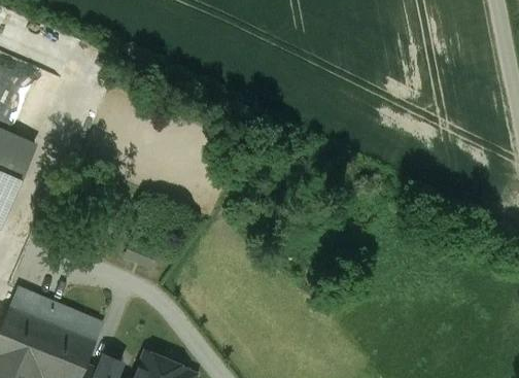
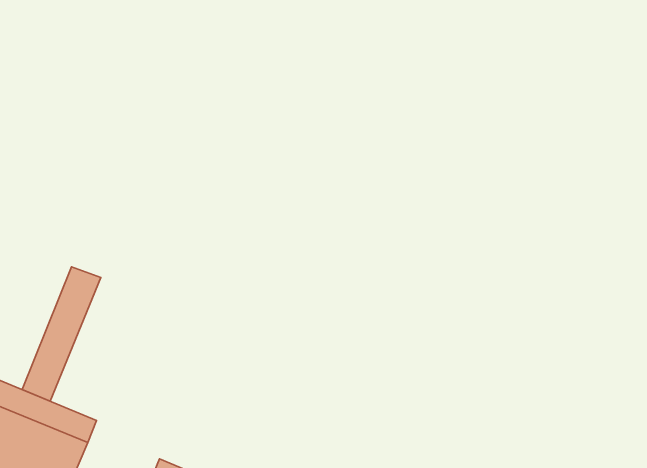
building: none -> [22,267,101,401]

